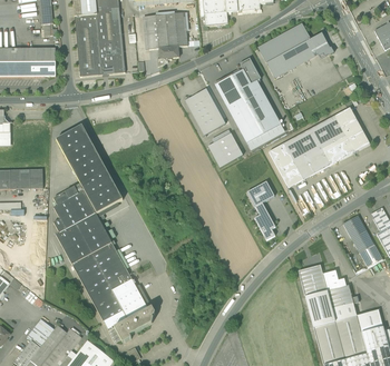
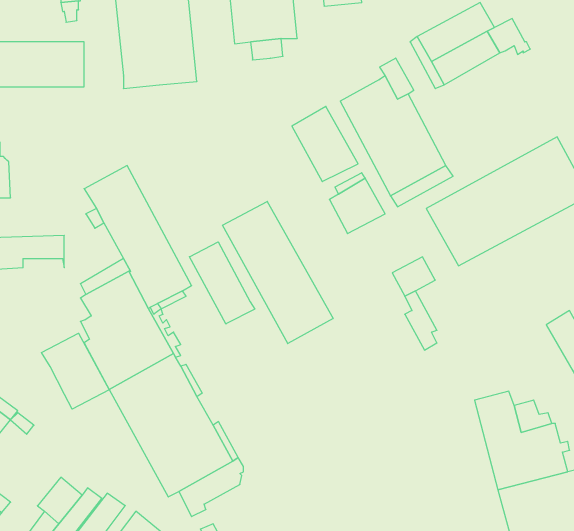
building: none -> [223,201,333,344]
building: none -> [189,242,255,324]
building: none -> [41,333,109,409]

